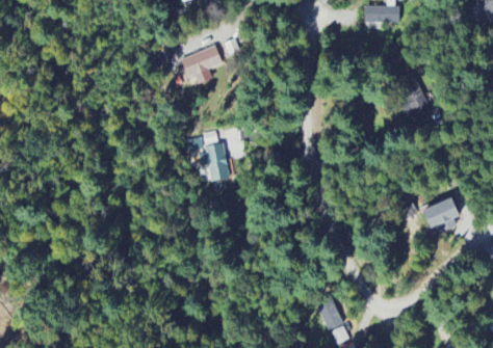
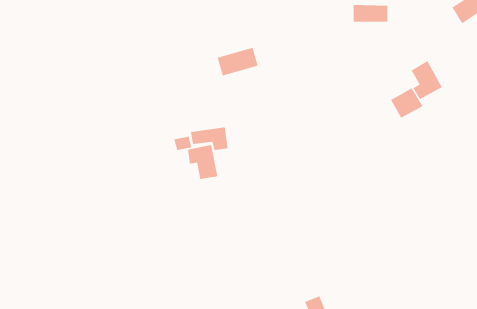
building: [180,47,222,76] -> [217,47,258,76]
building: none -> [411,60,443,100]
building: [424,197,460,235] -> none

